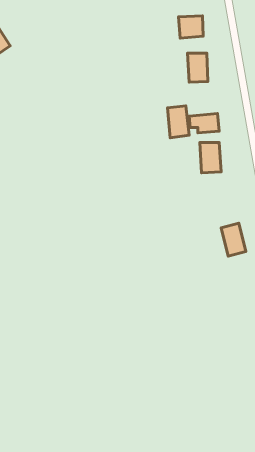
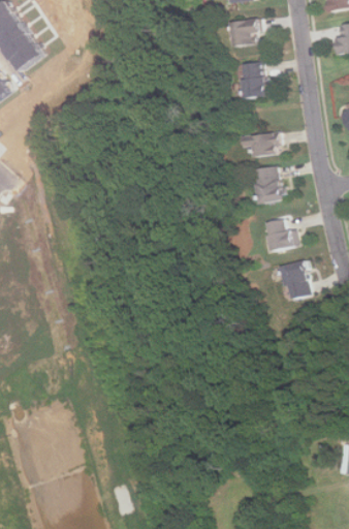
building: [168,106,189,138] -> none
building: none -> [266,219,294,249]

